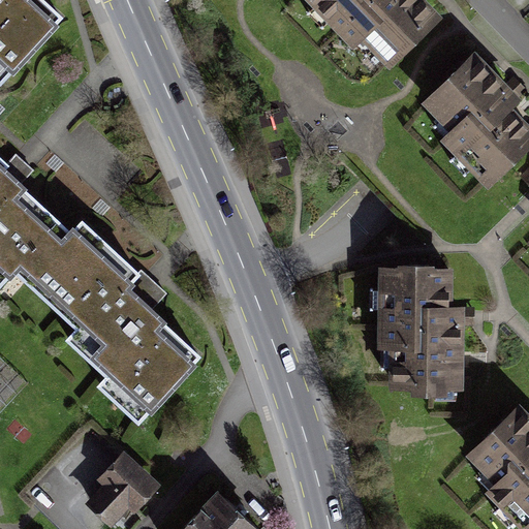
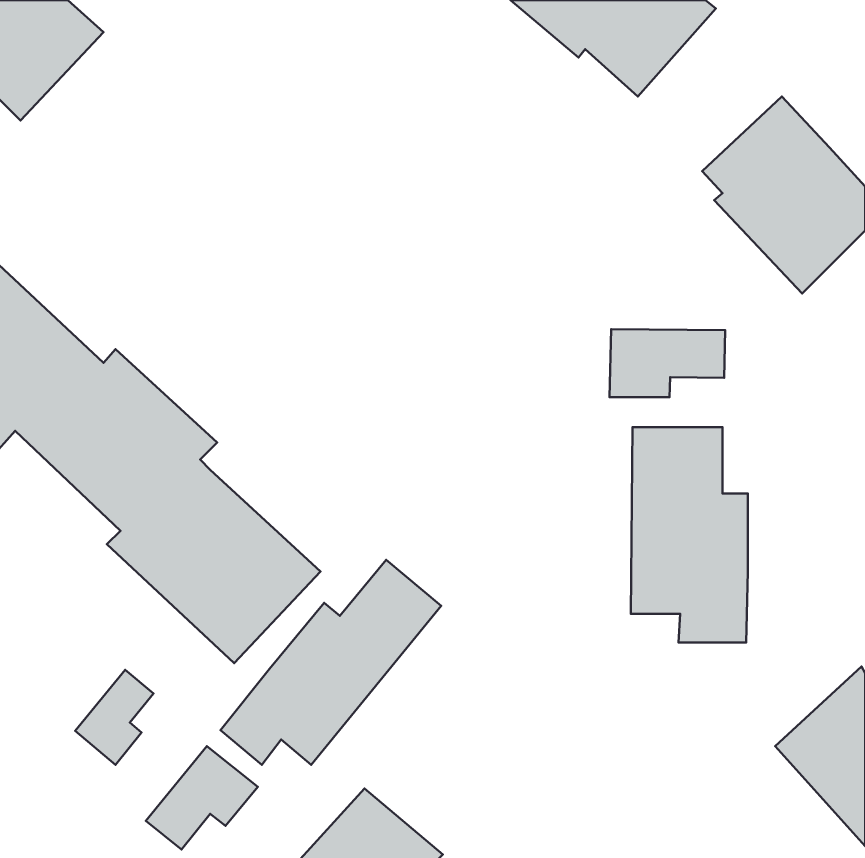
building: none -> [610,329,725,397]
building: none -> [220,560,441,765]
building: none -> [75,670,154,765]

